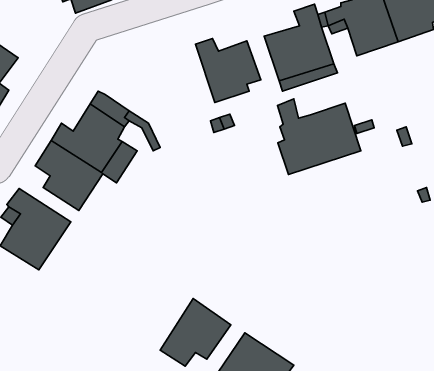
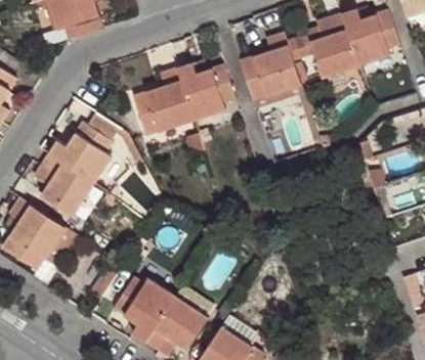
building: none -> [133,68,195,135]
building: [277,99,361,175] -> none
building: none -> [113,276,175,341]

